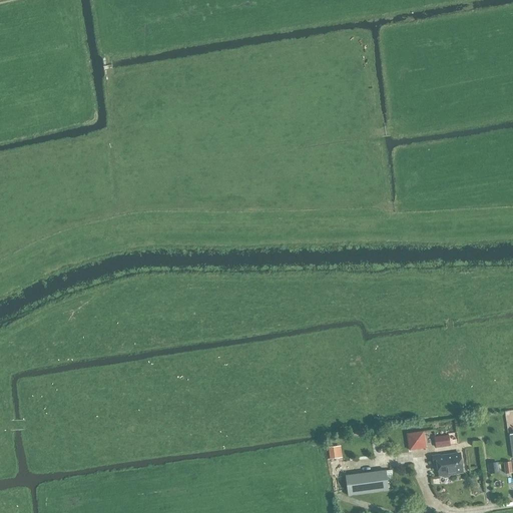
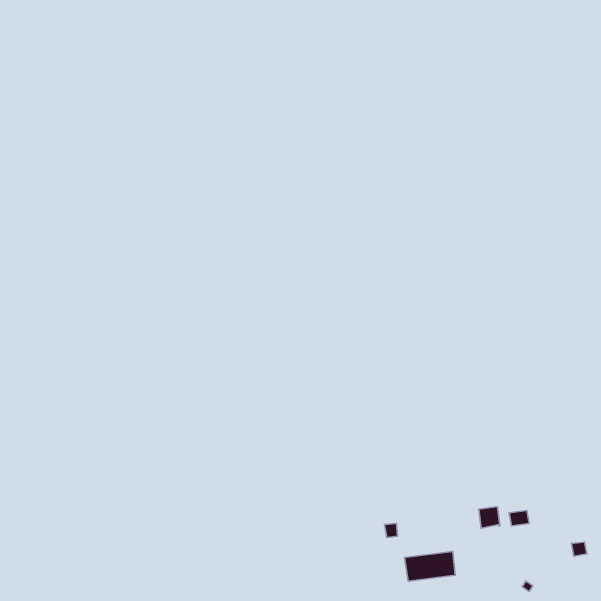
building: [432,454,462,477] -> none

